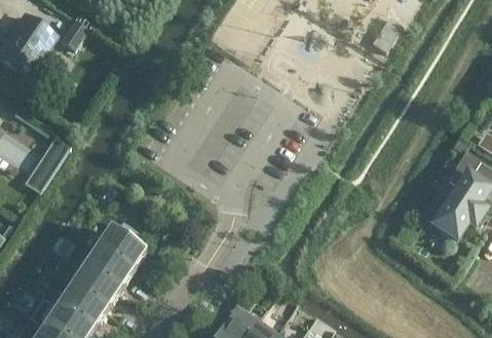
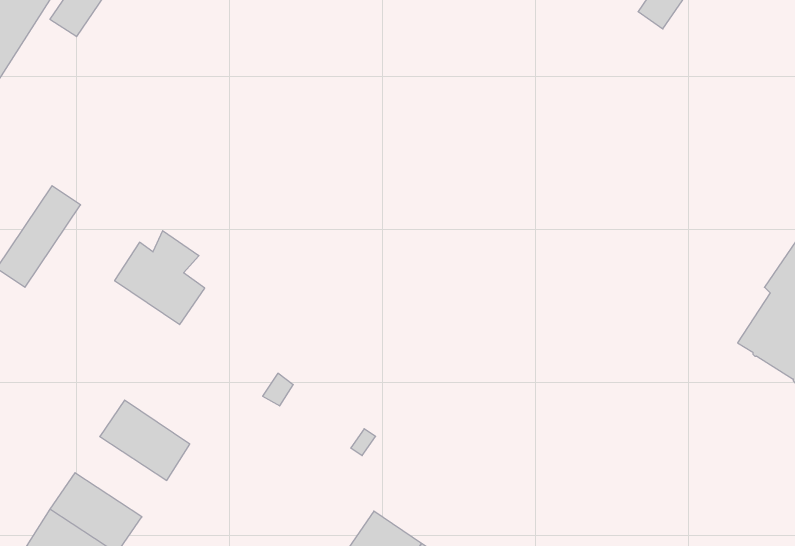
building: [99,218,147,268] -> [115,231,205,325]
building: [72,264,121,307] -> none

